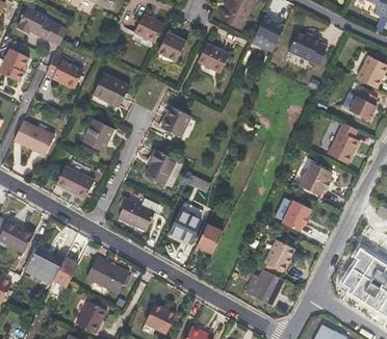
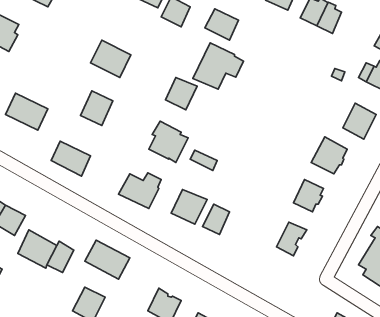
building: [46,53,83,88] -> none
building: none -> [193,43,243,89]
building: [242,268,282,306] -> none

